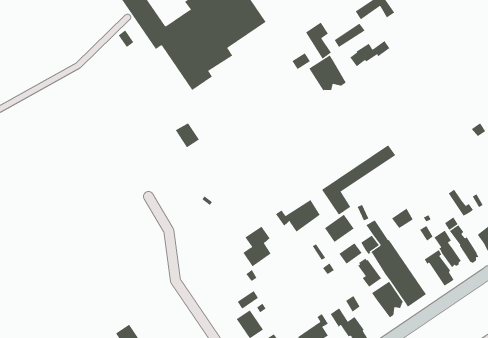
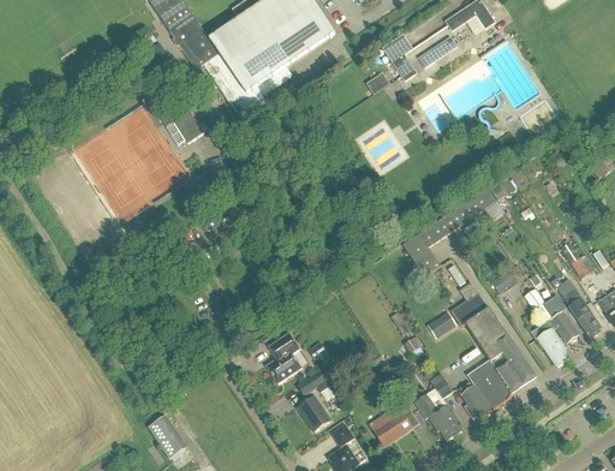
building: [349,40,390,67] -> none
building: [308,55,347,91] -> none
building: [175,122,200,148] -> [173,111,204,143]
building: [275,199,321,232] -> none
building: [324,214,354,243] -> none
building: [243,226,271,267] -> [265,332,301,383]
building: [357,258,382,288] -> [459,381,490,418]

